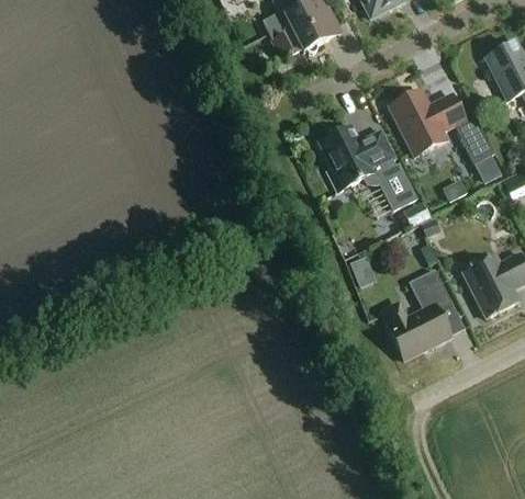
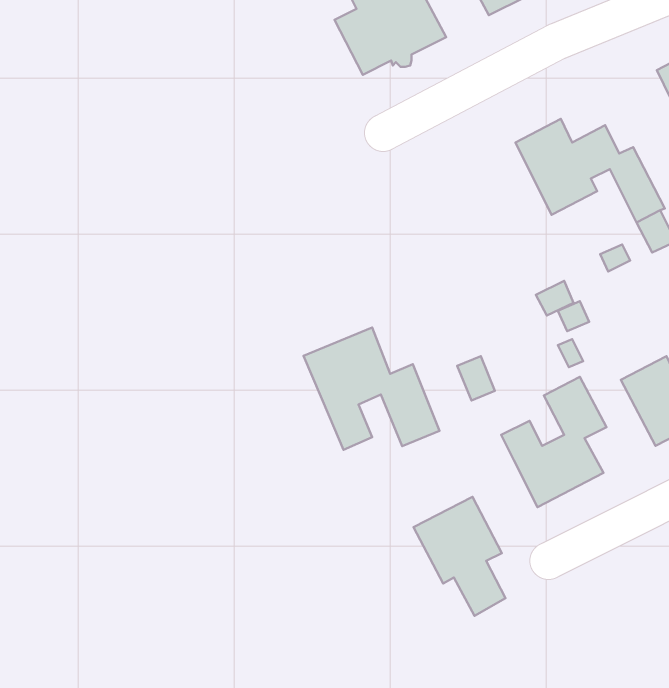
building: [317,124,415,209] -> none
building: none -> [303,328,440,450]
building: none -> [413,497,505,616]

